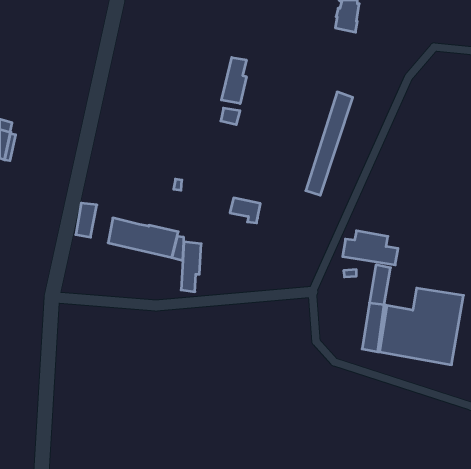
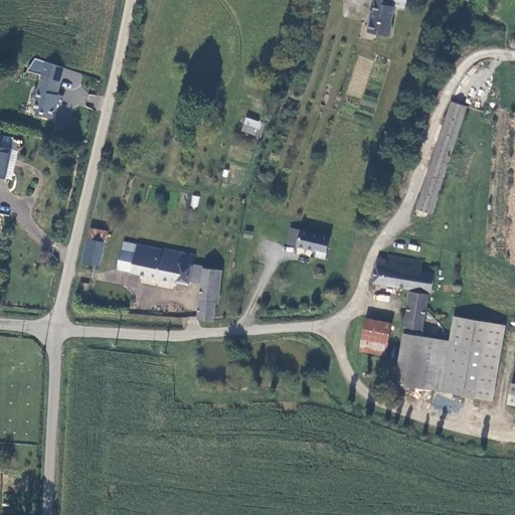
building: none -> [27,60,66,124]
building: [221,57,246,104] -> none
building: [306,92,353,195] -> [416,101,468,213]
building: [230,198,260,223] -> [295,228,328,255]
building: none -> [357,319,389,356]

